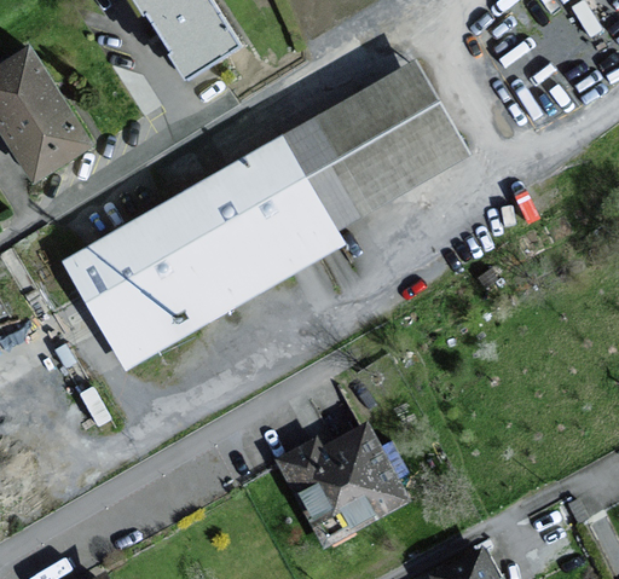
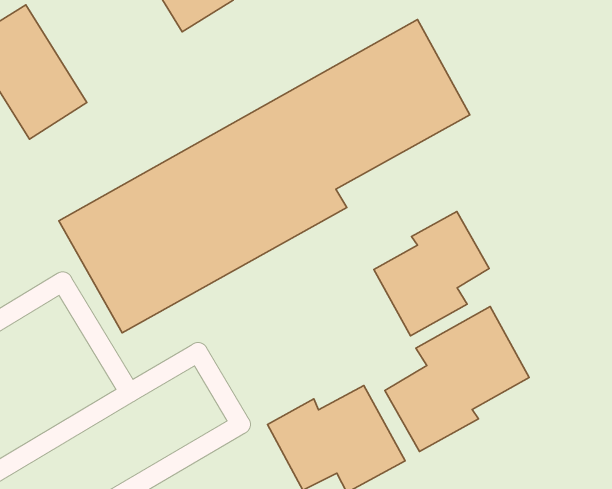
building: none -> [374,211,489,336]
building: none -> [385,307,529,451]

